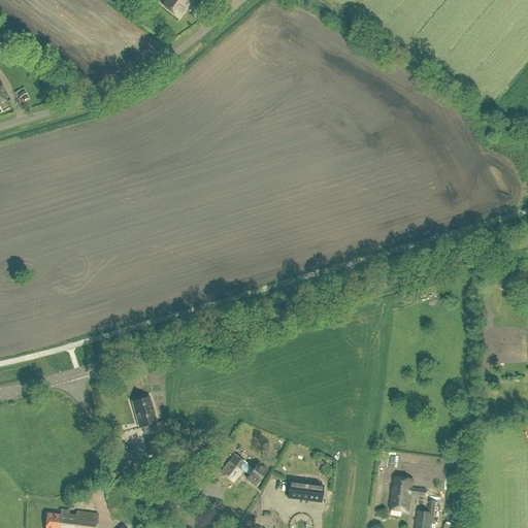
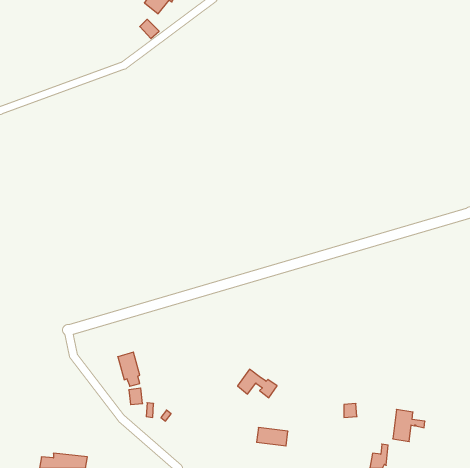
building: [221,453,265,485] -> [238,369,277,398]
building: [390,474,426,510] -> [393,409,425,442]

